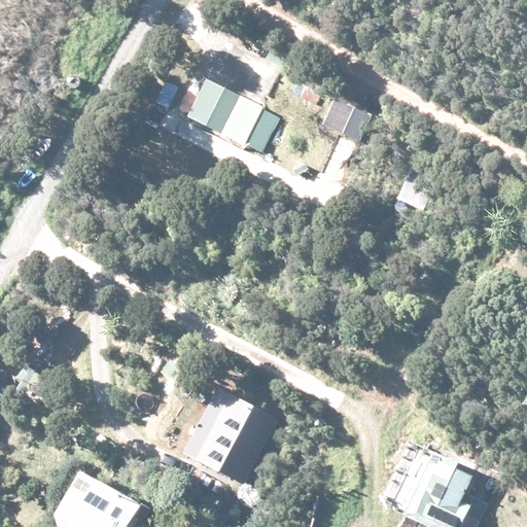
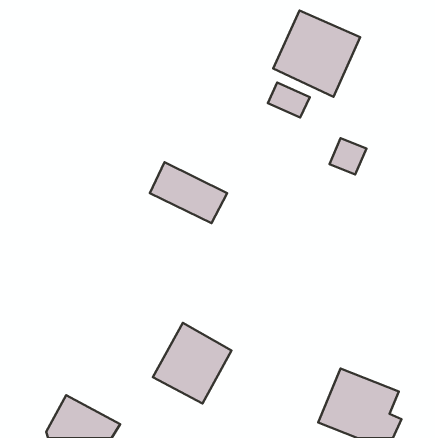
building: none -> [273,10,360,97]
building: [186,80,279,153] -> [150,162,227,223]

